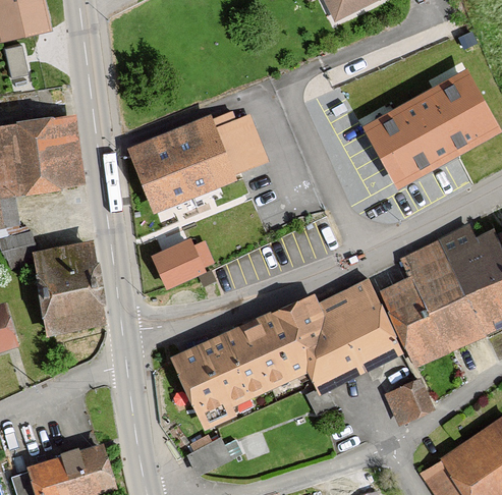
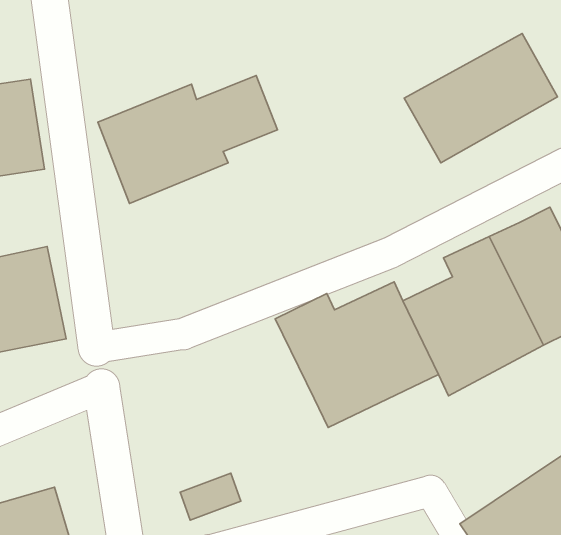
building: [146,234,204,289] -> none
building: [164,308,302,424] -> none
building: [386,381,432,425] -> none

